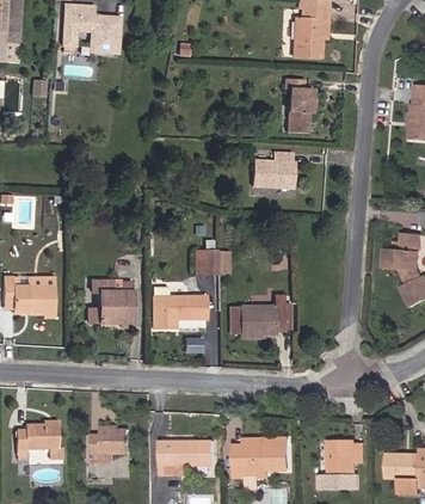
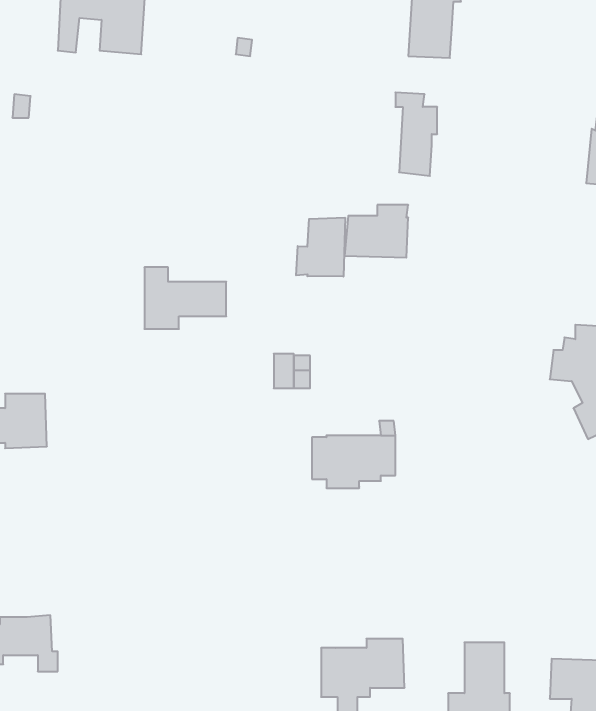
building: none -> [296,218,345,277]
building: [87,281,133,327] -> none
building: [152,287,205,327] -> [144,267,226,329]
building: [92,429,130,454] -> none
building: [160,441,215,475] -> none

